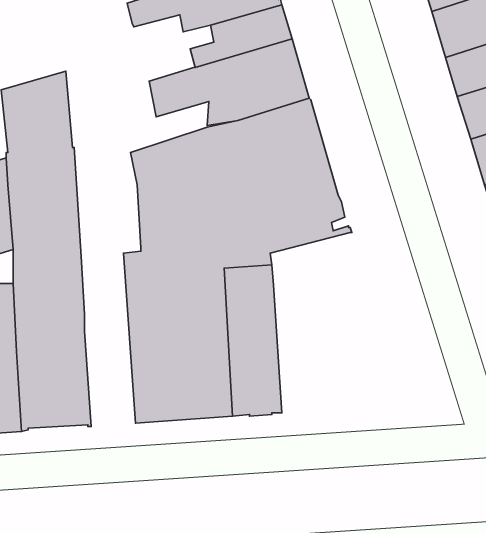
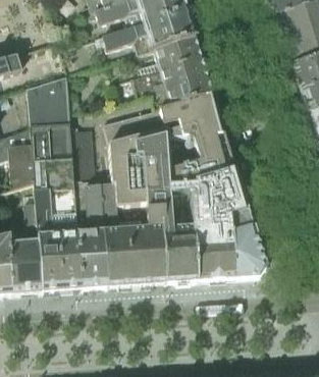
building: none -> [72,126,108,288]
building: none -> [189,172,266,280]

